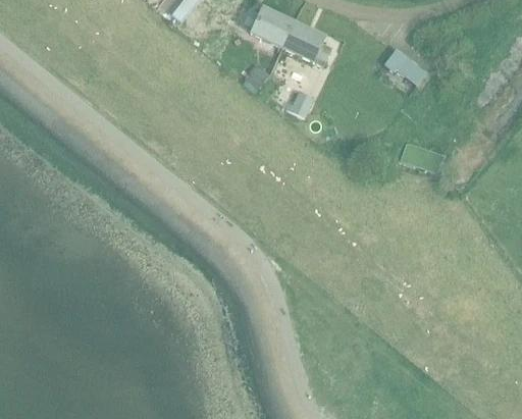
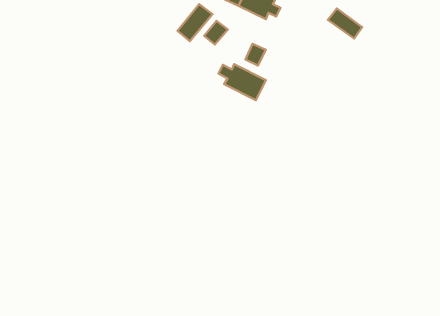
building: none -> [178,4,212,41]
building: none -> [219,64,266,100]

